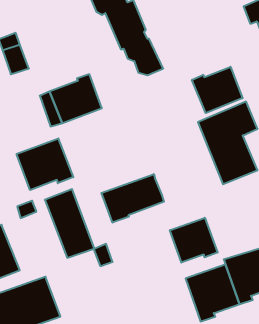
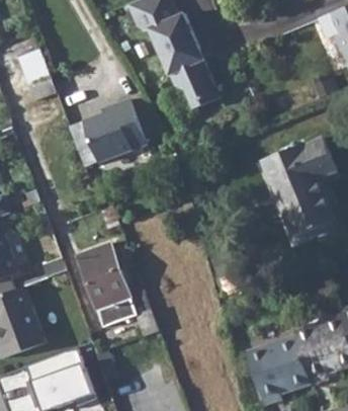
building: [192,67,243,113] -> none
building: [17,138,73,190] -> none
building: [101,174,164,223] -> none
building: [170,218,218,263] -> none

